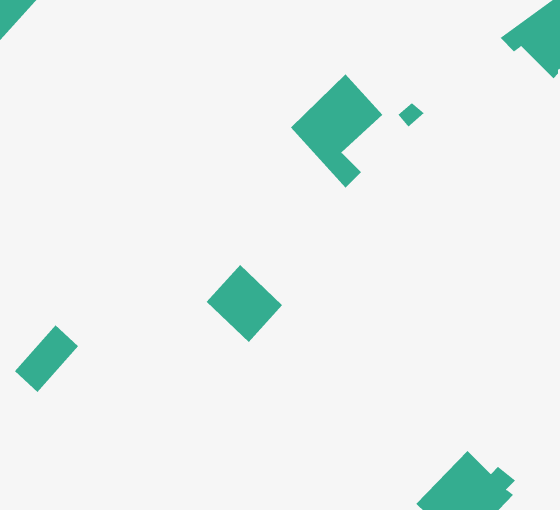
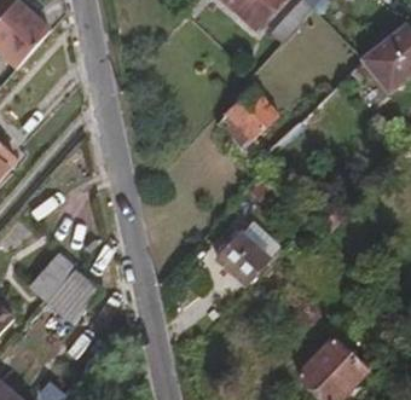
building: [206,264,283,343] -> [215,231,267,284]
building: none -> [46,269,98,324]

